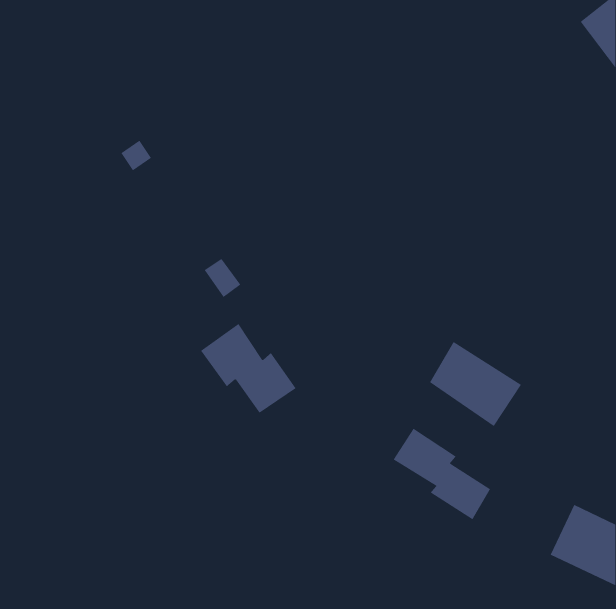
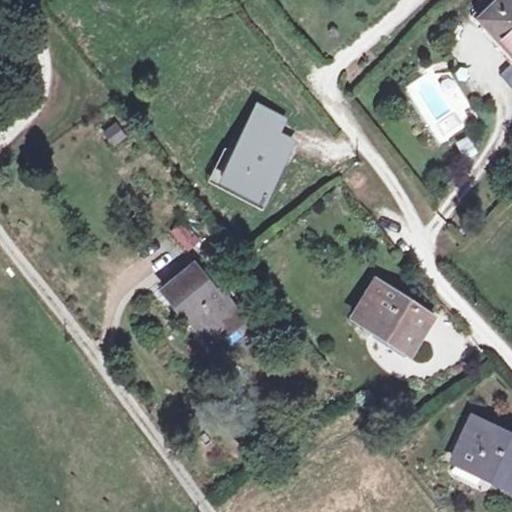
building: none -> [223,102,290,197]
building: [393,428,491,520] -> none

